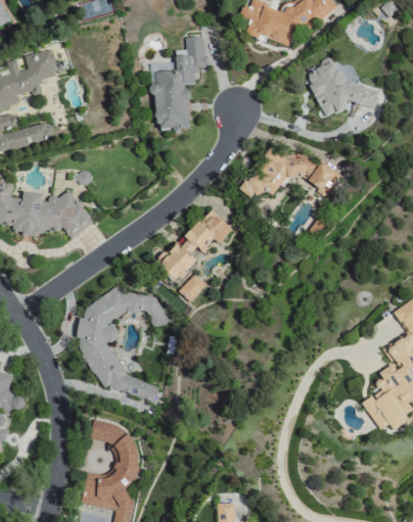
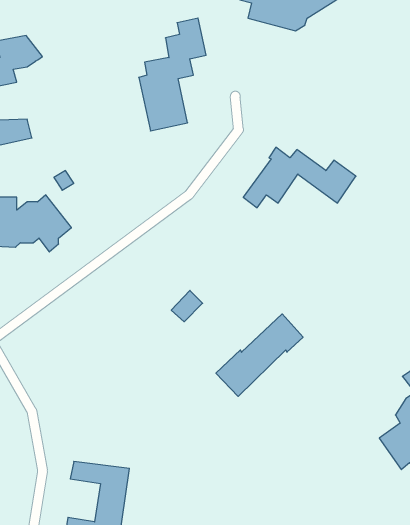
building: [308,55,380,117] -> none
building: [155,208,232,281] -> [216,314,303,396]
building: [75,286,163,400] -> none

